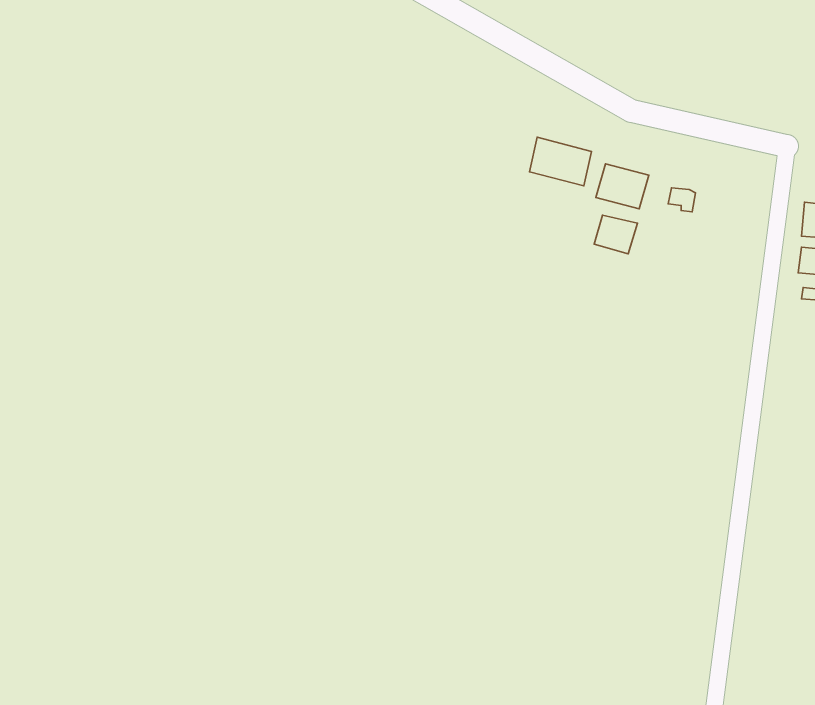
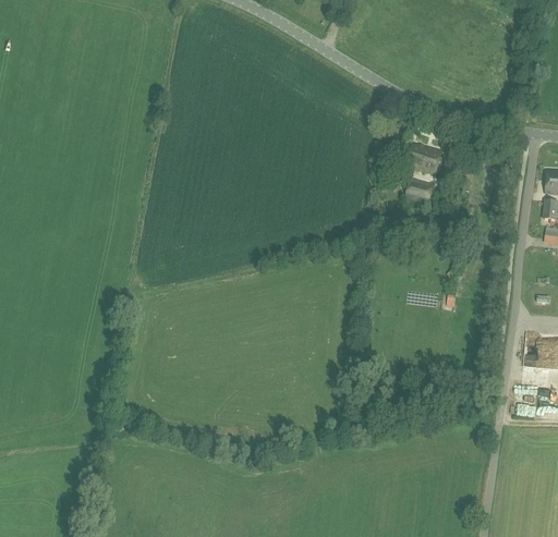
building: [529,137,592,186] -> none

